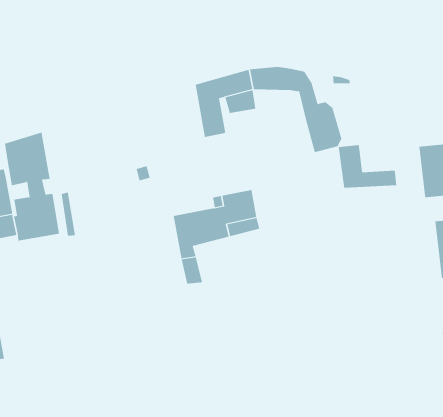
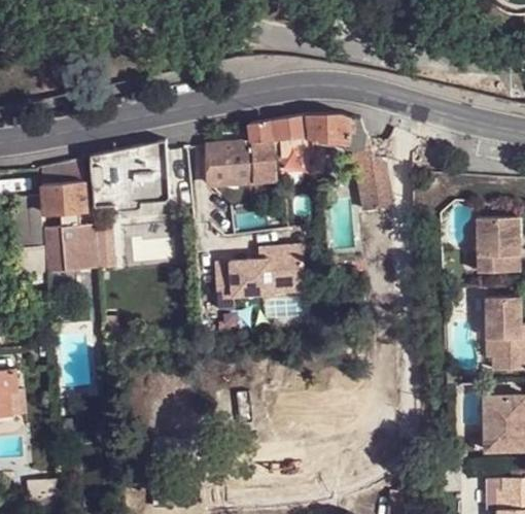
building: none -> [205,143,252,187]
building: none -> [90,143,171,209]
building: [338,144,397,188] -> none

